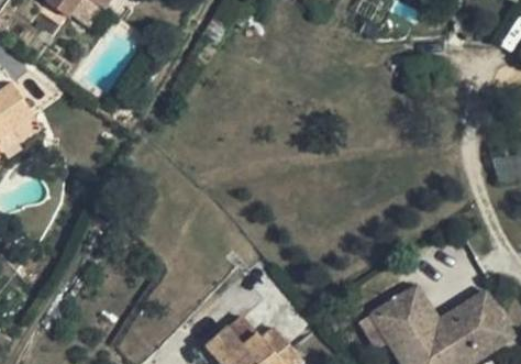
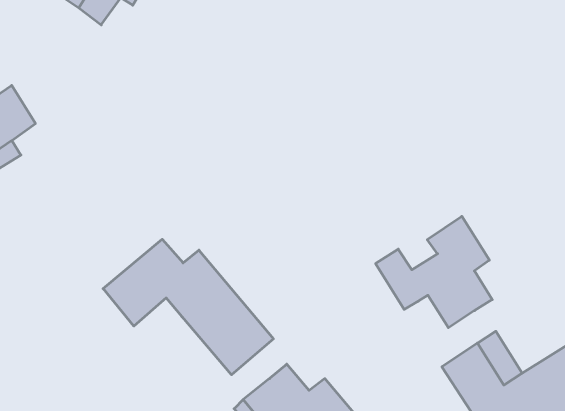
building: none -> [376,216,492,328]
building: none -> [103,239,273,375]

